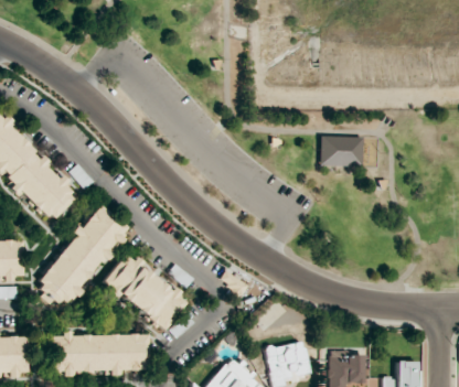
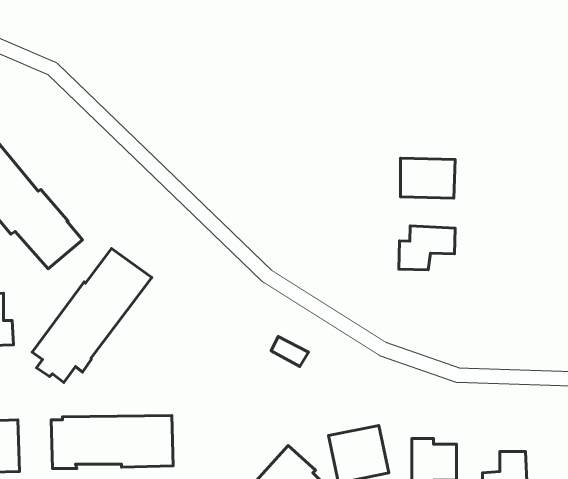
building: none -> [399,226,455,270]
building: [102,254,185,330] -> none

